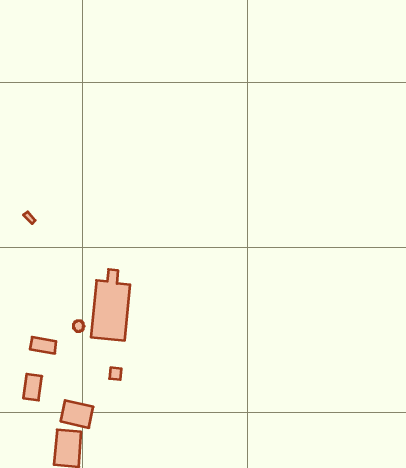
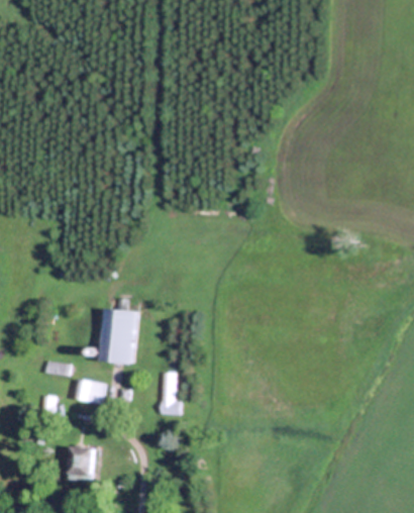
building: none -> [161,373,181,415]
building: [61,400,93,428] -> [75,378,105,403]

